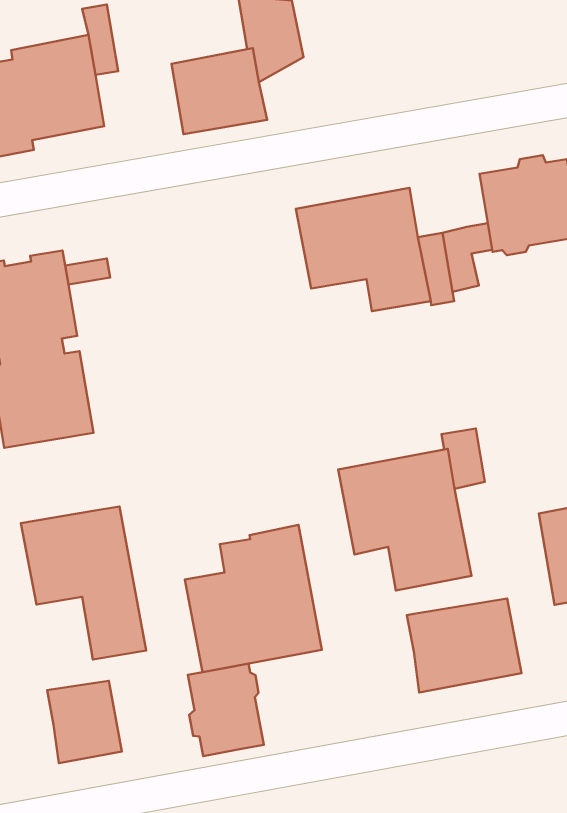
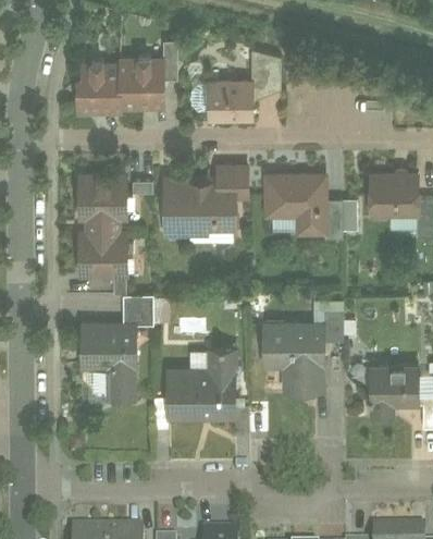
building: none -> [160,162,247,237]
building: none -> [120,295,150,324]
building: [407,598,521,692] -> none
building: [188,664,264,756] -> none
building: [47,681,122,763] -> none

